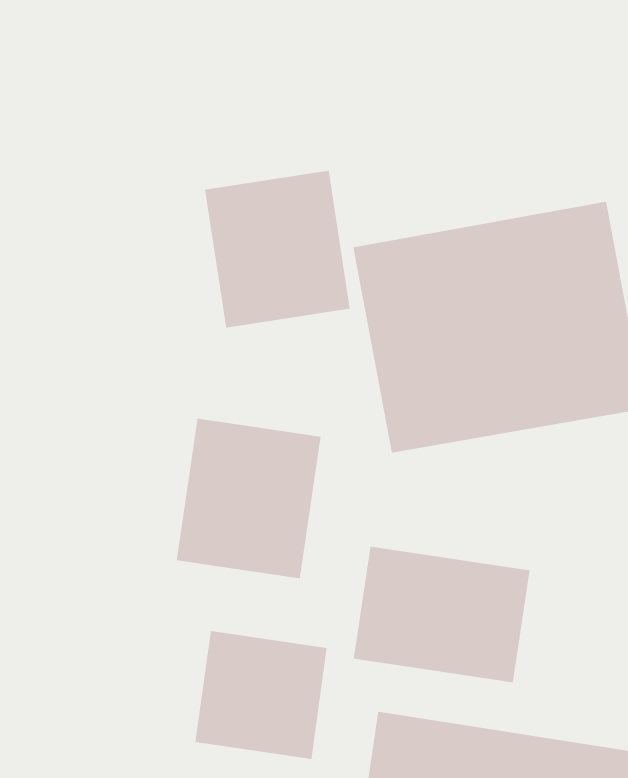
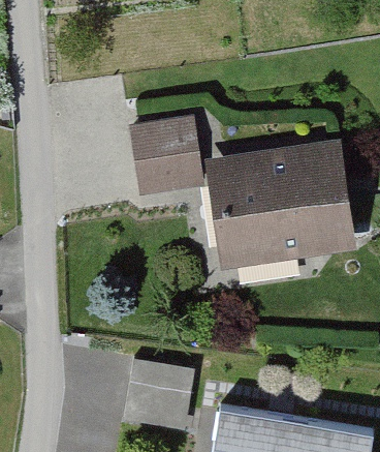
building: [176,418,321,579] -> none
building: [353,546,530,683] -> none

